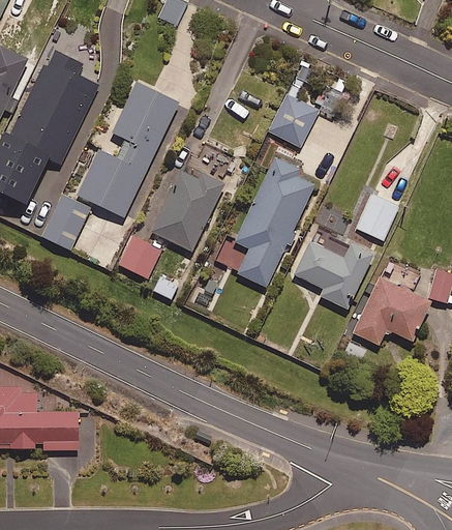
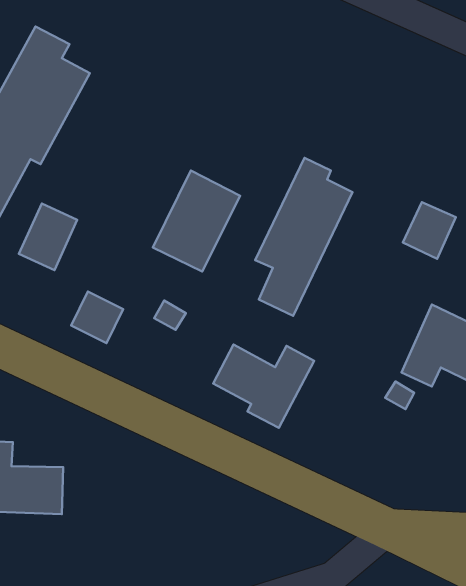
building: [268,65,319,147] -> none
building: [77,83,179,217] -> none
building: [119,236,161,278] -> [71,291,123,343]
building: [293,240,375,308] -> [213,344,314,428]

